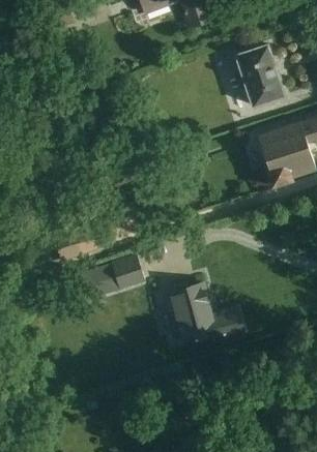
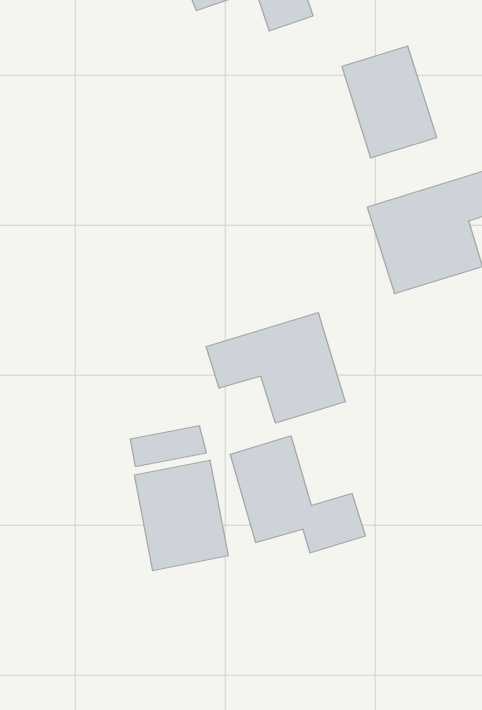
building: none -> [206,313,345,423]
building: none -> [135,460,228,571]

